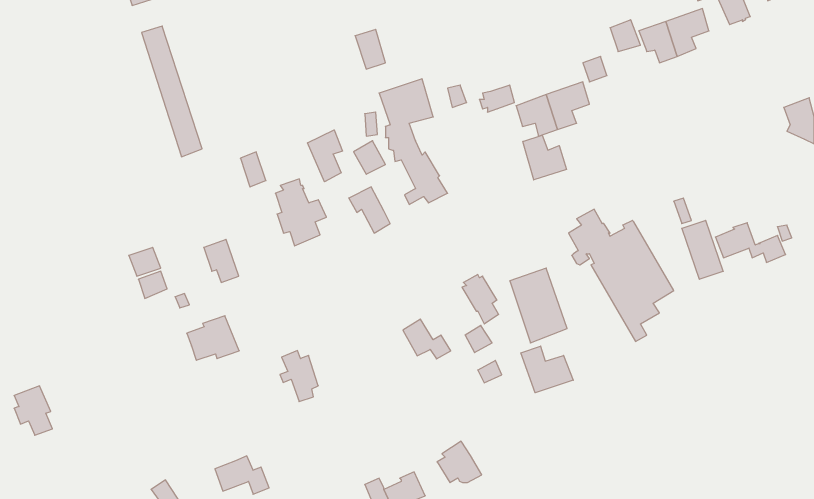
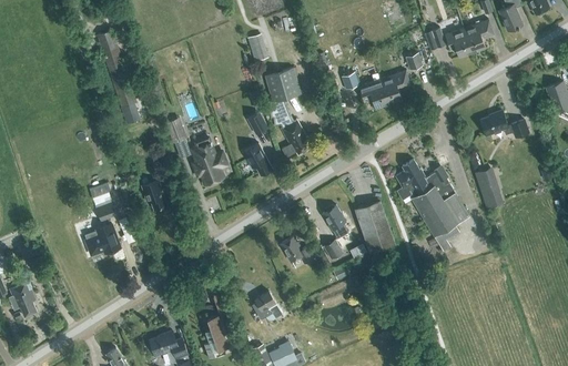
building: [308,130,342,182] -> none
building: [523,135,567,180] -> none
building: [715,223,786,262] -> [480,110,529,138]
building: [187,316,239,360] -> [84,223,121,254]
building: [521,346,573,393] -> none
building: [280,351,318,402] -> [205,314,232,349]
building: [437,441,482,483] -> [252,291,283,319]

